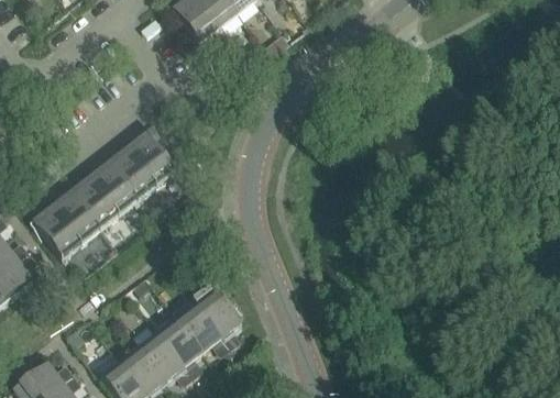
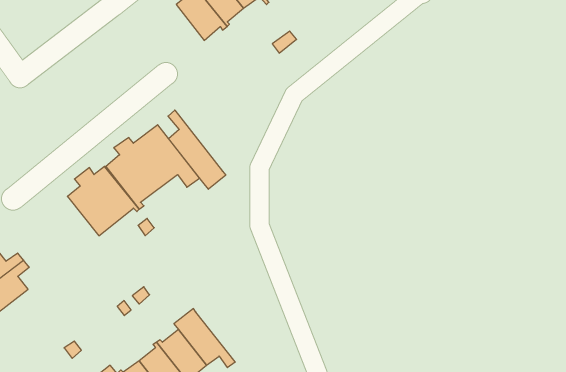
building: none -> [168,110,226,189]
building: [31,192,99,263] -> none
building: [191,289,240,350] -> none

